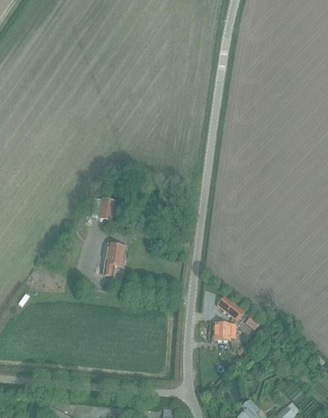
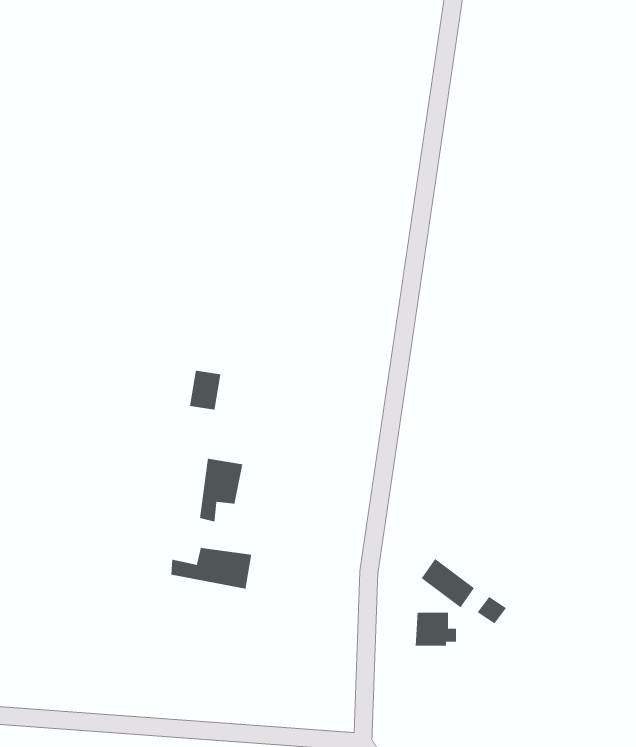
building: none -> [171,547,252,590]

